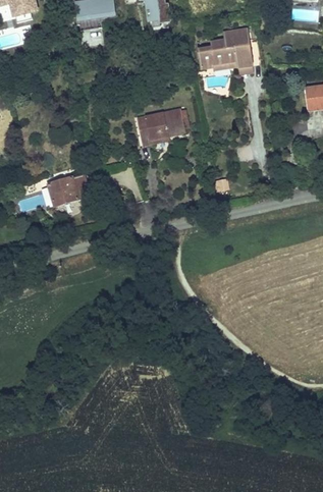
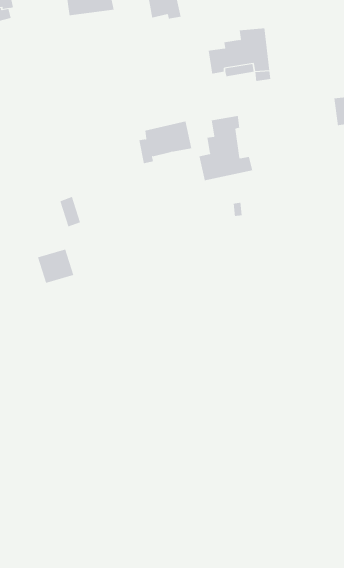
building: none -> [199,115,253,181]
building: [47,176,78,206] -> [37,249,74,284]

